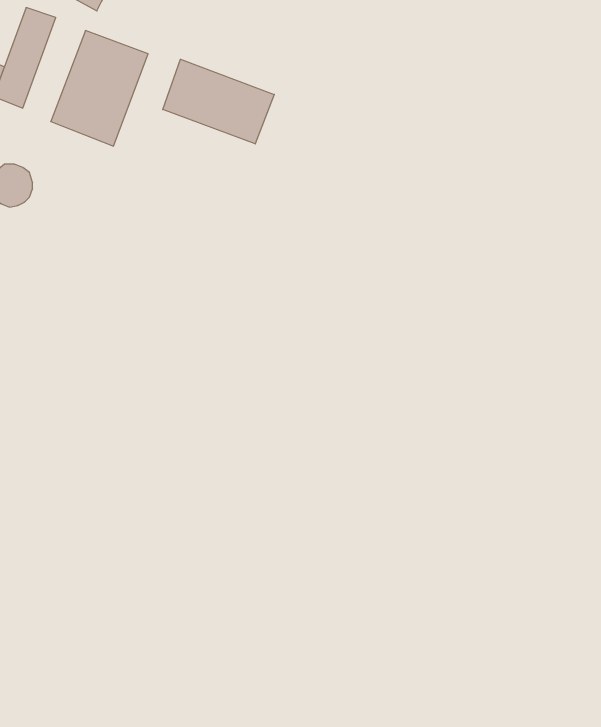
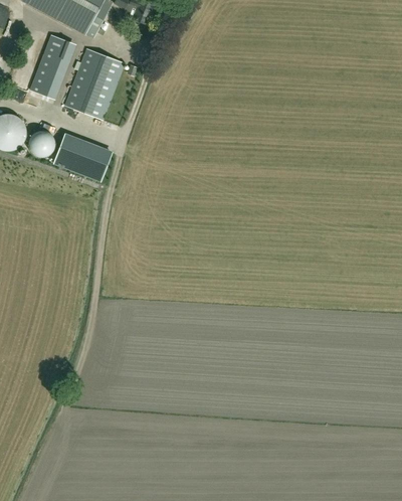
building: [163,59,274,144] -> none
building: none -> [53,135,111,181]

